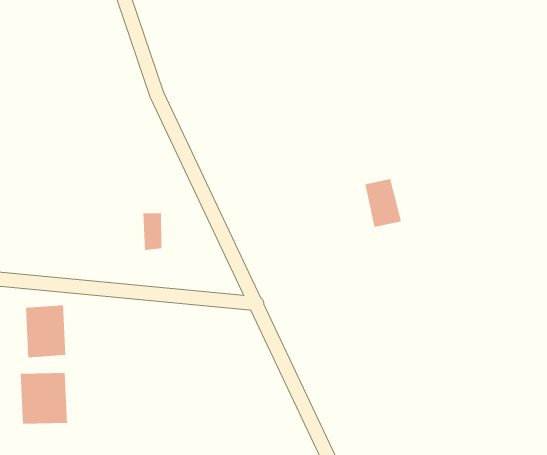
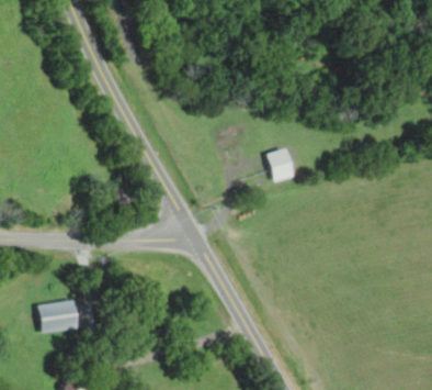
building: [25,305,66,358] -> none

